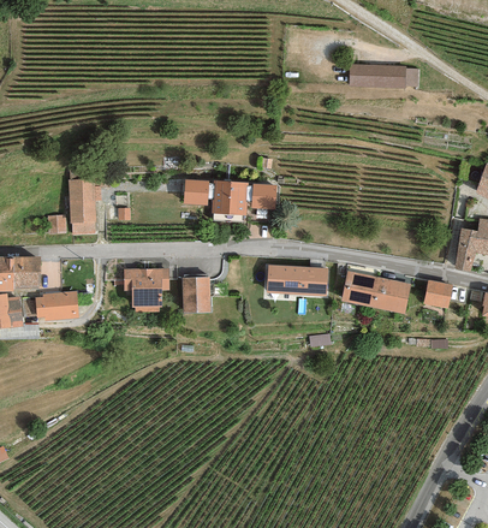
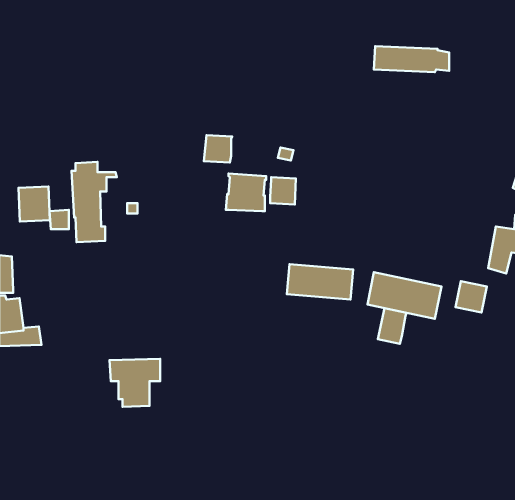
building: [183,179,209,204] -> [204,135,232,162]
building: [12,255,41,287] -> [19,186,50,222]
building: [123,268,169,313] -> [109,359,160,407]
building: [183,277,210,312] -> none
building: [35,291,78,320] -> none
building: none -> [378,308,406,344]

